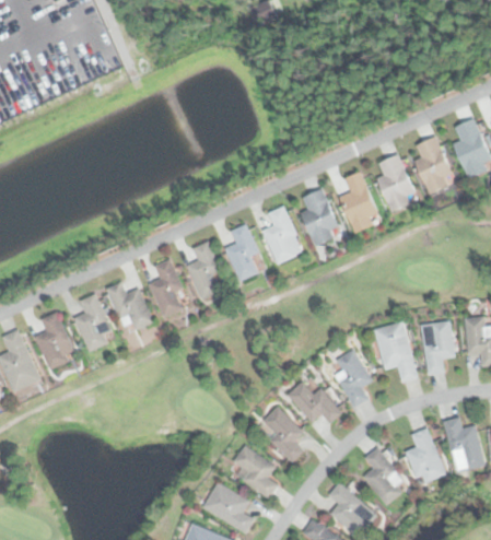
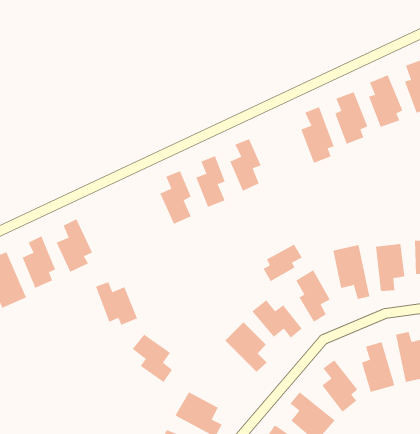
building: [301,188,339,246] -> none
building: [150,259,182,316] -> none
building: [107,282,154,330] -> [95,282,138,326]
building: none -> [263,244,303,282]
building: [233,445,278,498] -> [132,334,173,383]

